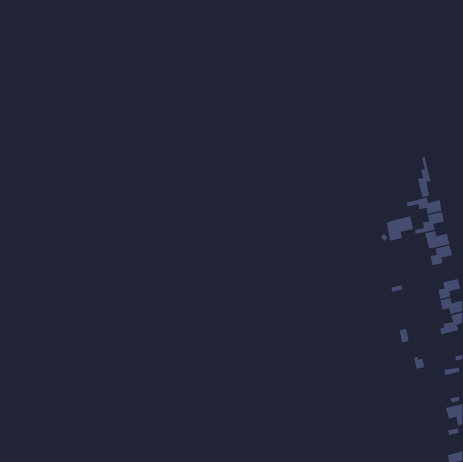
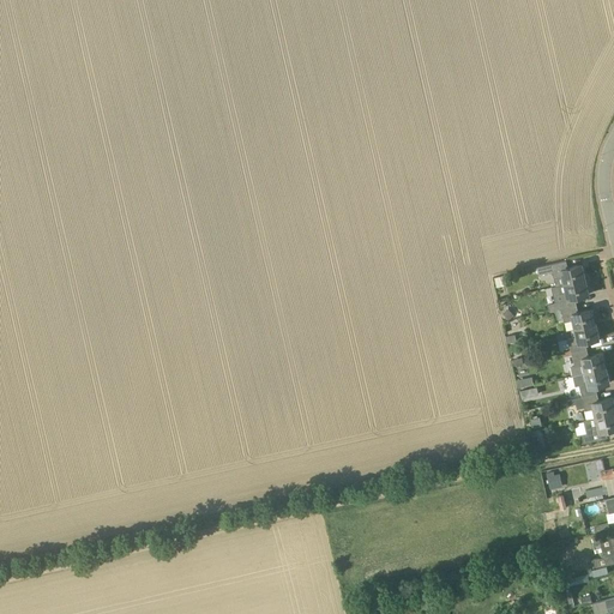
building: [417,156,432,198] -> none
building: [386,216,414,242] -> none
building: none -> [572,350,607,374]

